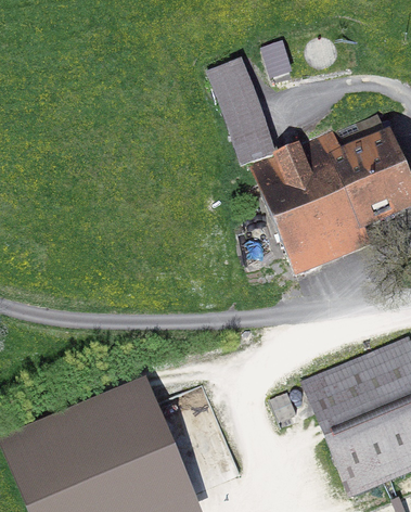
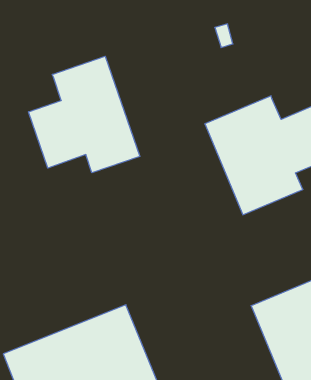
building: [207,63,264,157] -> none
building: none -> [29,56,140,173]

